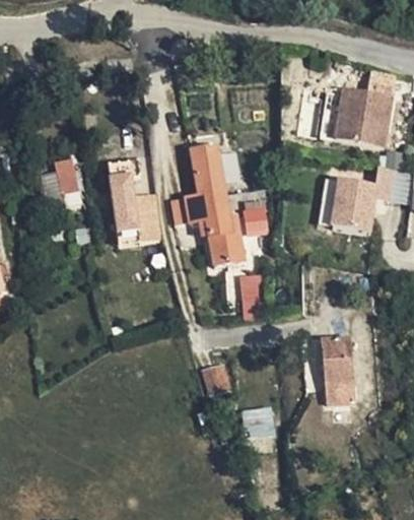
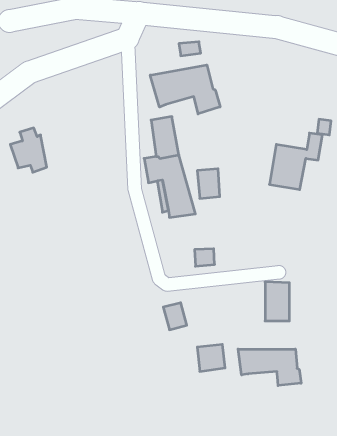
building: none -> [150,65,220,114]
building: [336,86,393,144] -> none
building: [105,159,157,243] -> none
building: none -> [238,349,301,386]

